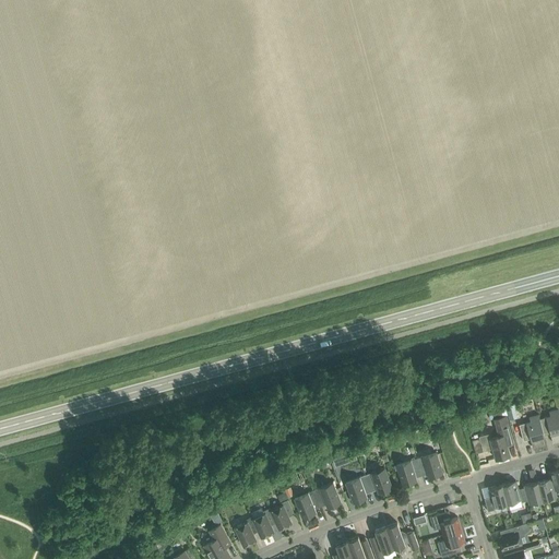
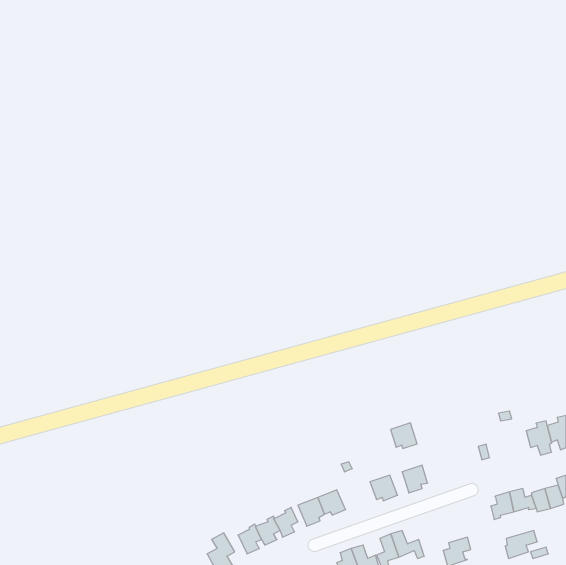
building: [490,417,512,461] -> none
building: [416,453,442,478] -> [391,423,417,448]
building: [345,476,371,504] -> none
building: [429,513,461,536] -> none

